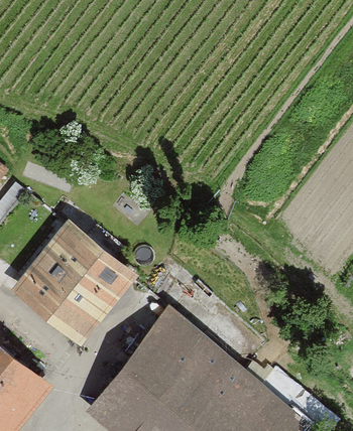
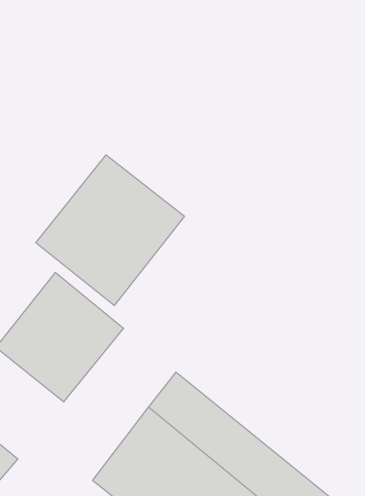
building: none -> [36,155,184,305]

